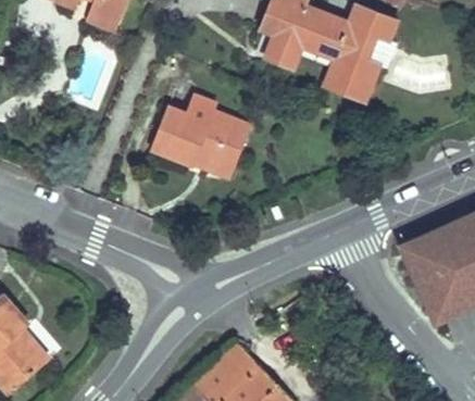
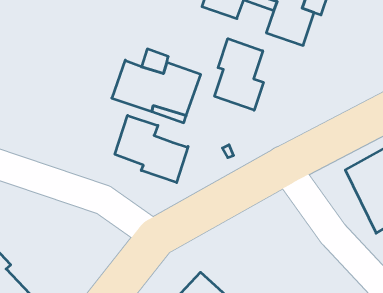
building: none -> [215,39,263,110]
building: none -> [115,115,188,183]

